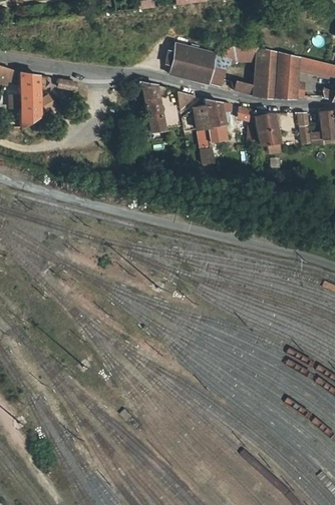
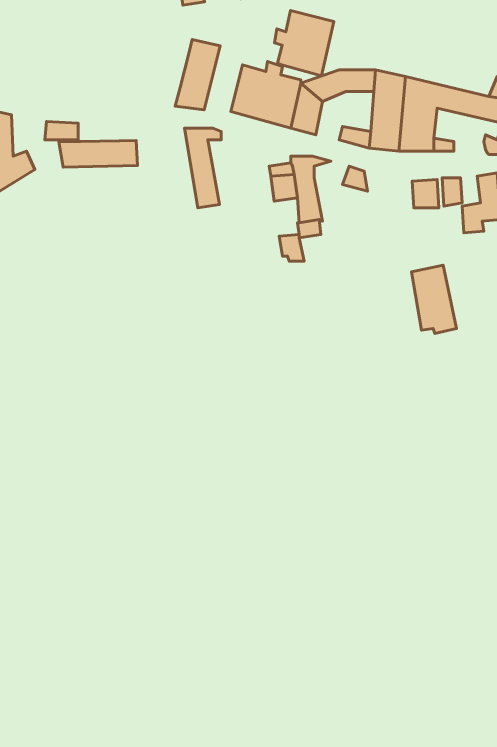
building: none -> [275,11,334,76]
building: none -> [175,39,220,110]
building: none -> [59,140,137,167]
building: [255,112,282,153] -> [412,265,456,333]

